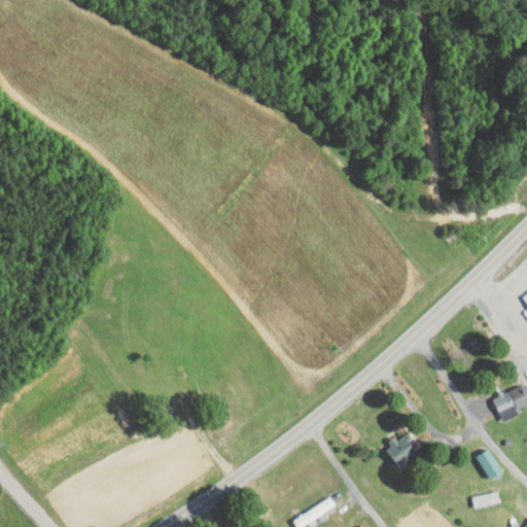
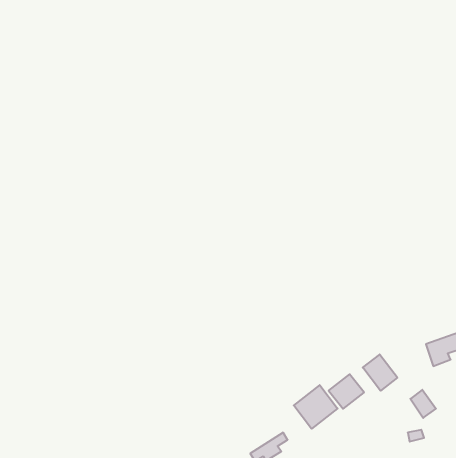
building: none -> [363,354,397,391]
building: none -> [294,385,338,429]

